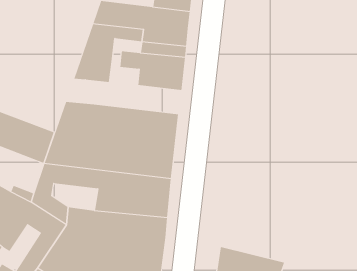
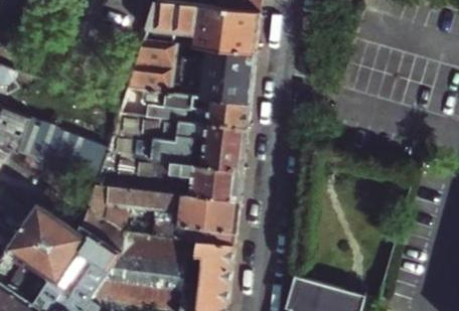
building: none -> [137,91,248,129]

